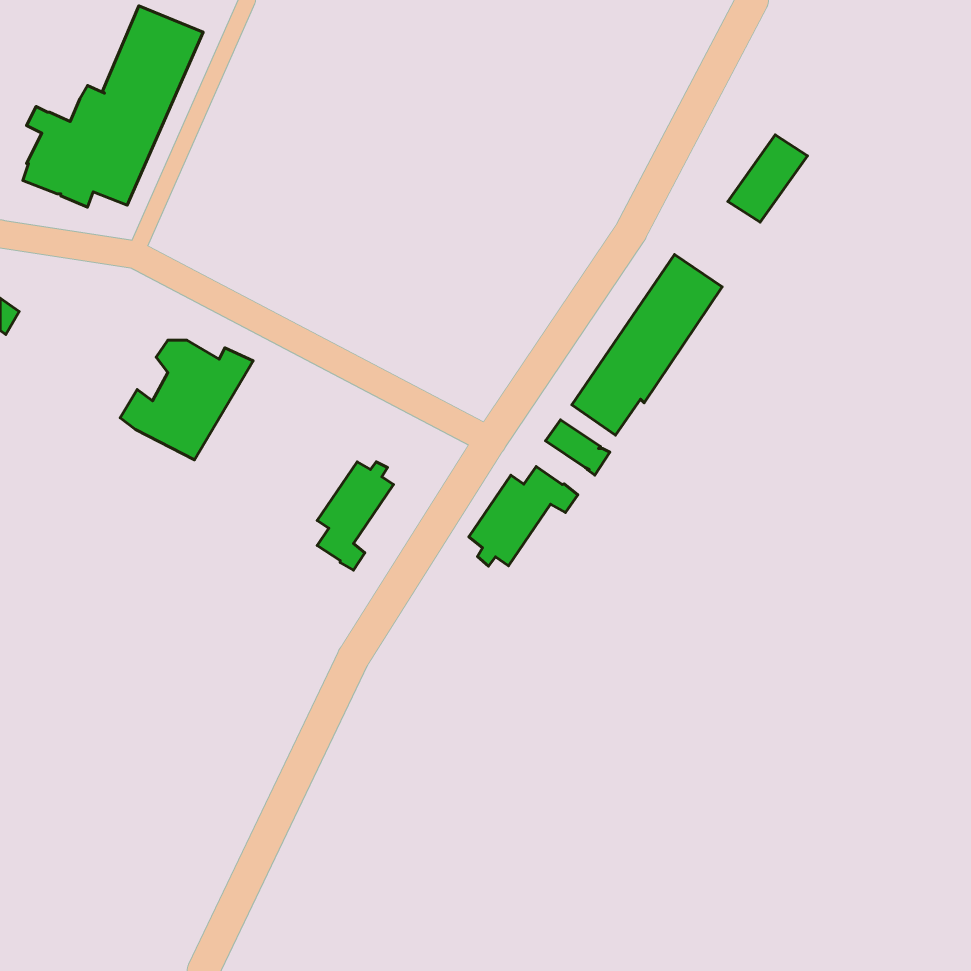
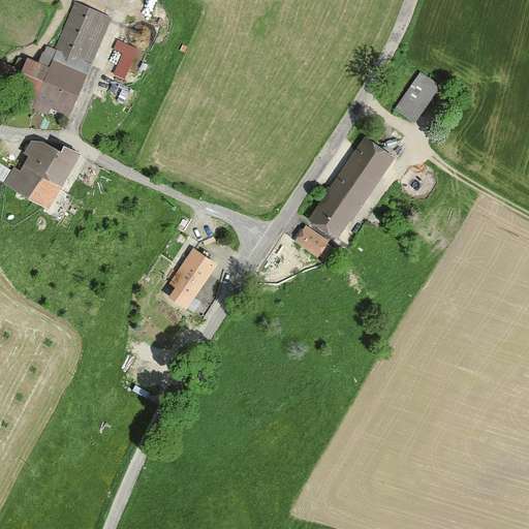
building: none -> [114,39,137,77]
building: [120,340,253,460] -> [6,142,79,207]
building: [469,466,578,566] -> none

